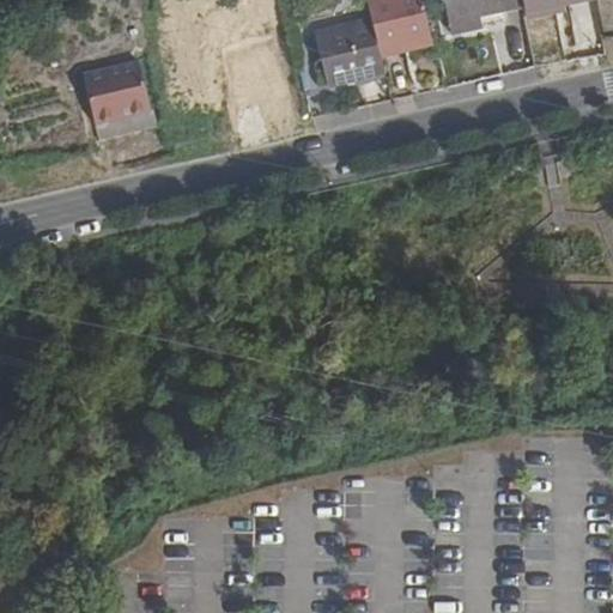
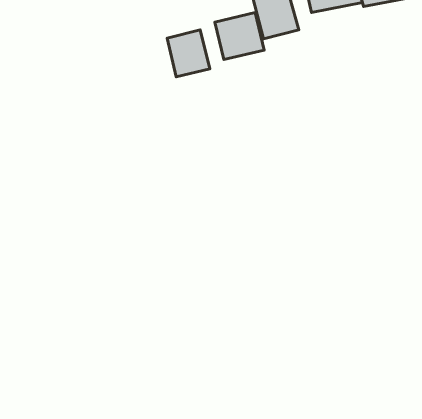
building: none -> [167,30,210,77]
building: [83,61,154,140] -> none

